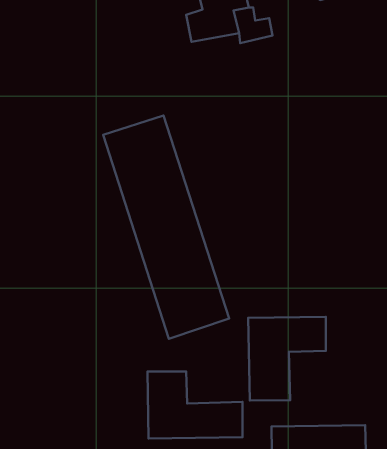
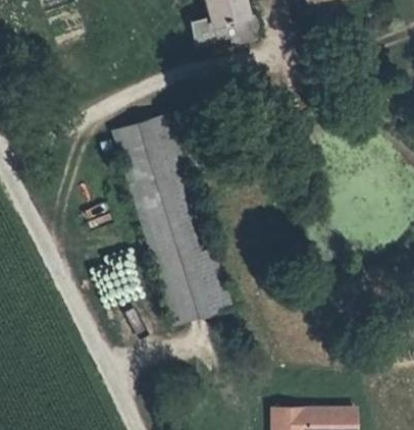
building: [248,317,326,400] -> none
building: [147,371,242,439] -> none

